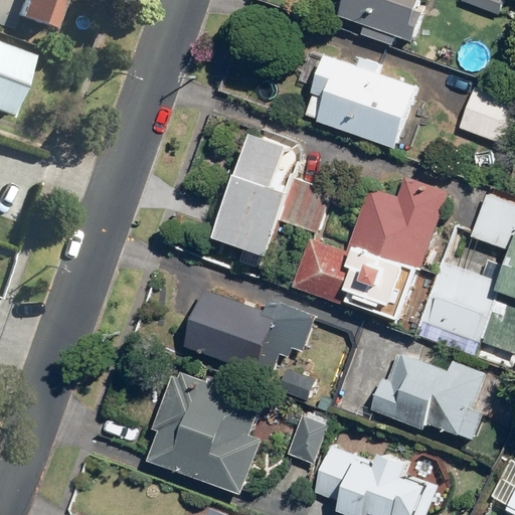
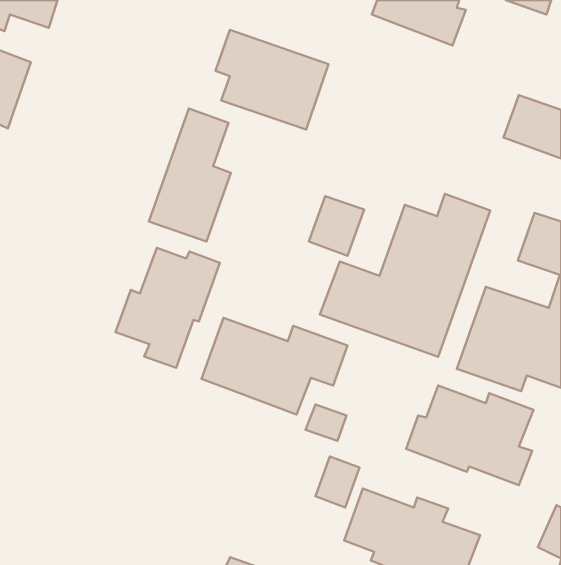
building: [312,55,414,146] -> [215,30,328,129]
building: [213,133,288,253] -> [149,108,231,241]
building: none -> [115,248,220,368]
building: [147,366,263,495] -> none

